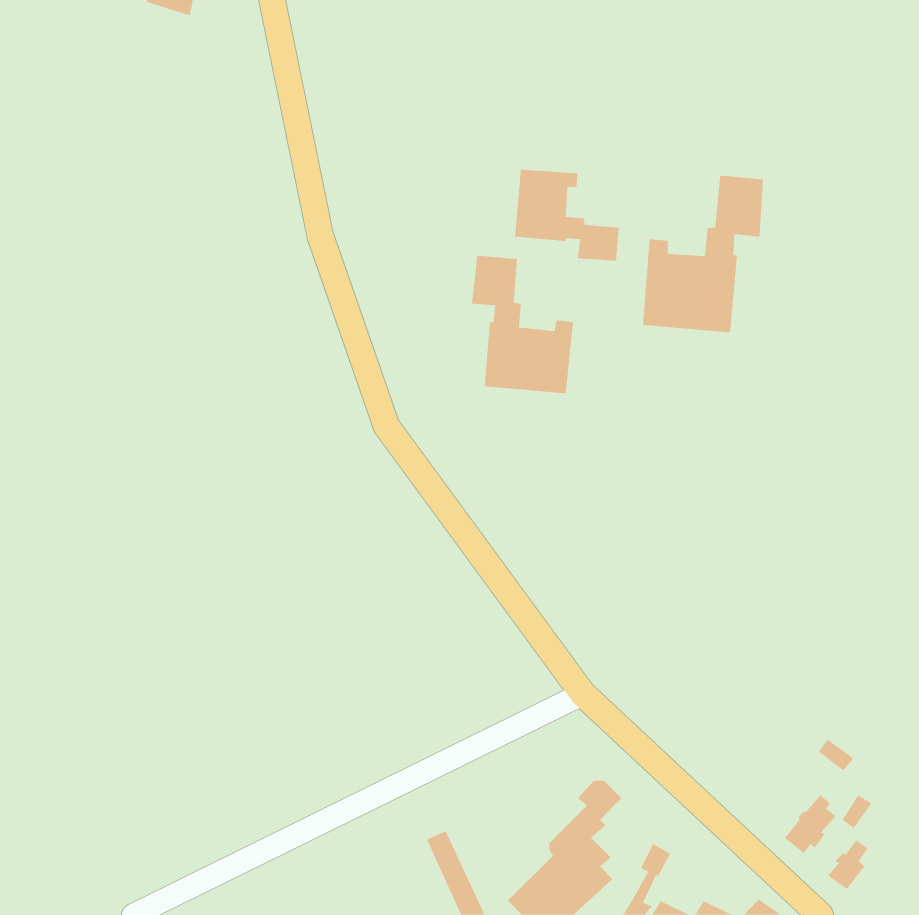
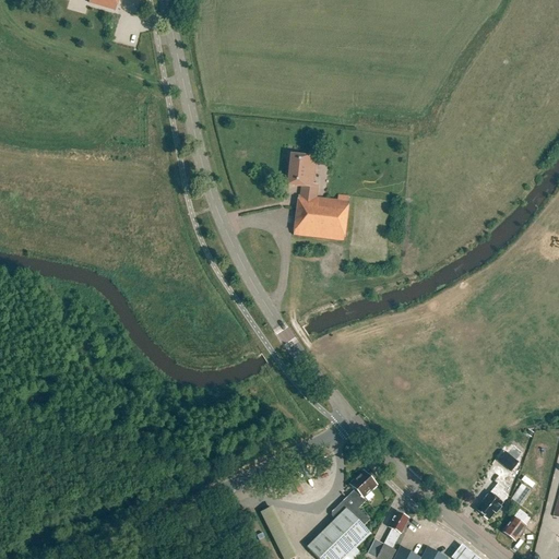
building: [514,169,619,261] -> none
building: [643,175,764,333] -> none

